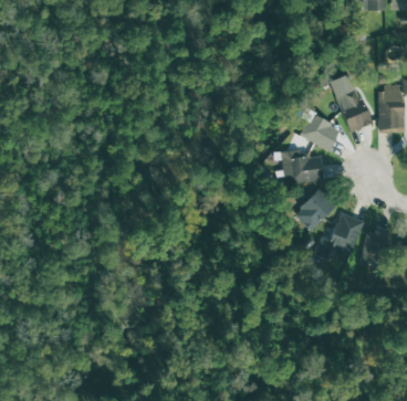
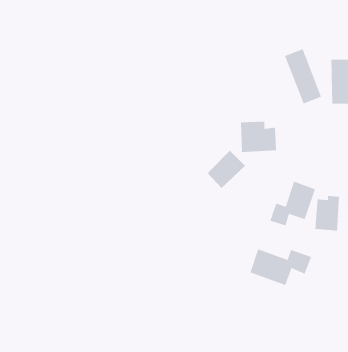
building: [301,114,340,148] -> none
building: [294,189,335,230] -> [207,150,246,189]
building: none -> [250,248,312,286]

